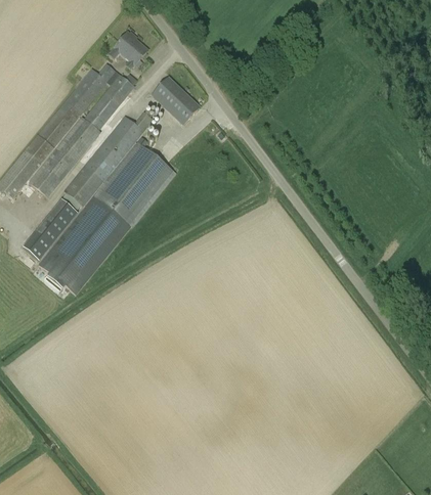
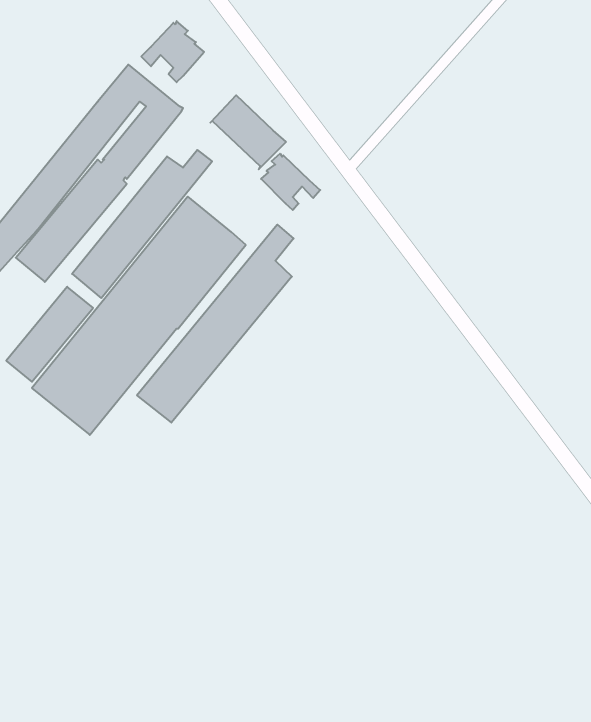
building: none -> [261,154,320,210]
building: none -> [137,225,294,423]

